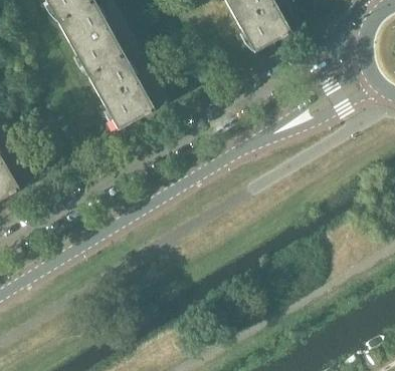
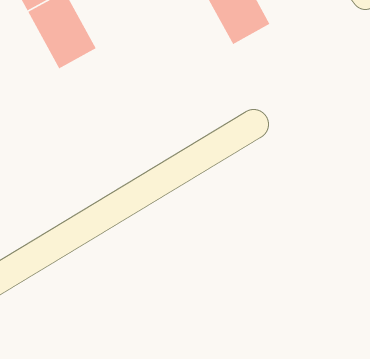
building: [89,57,156,131] -> none

